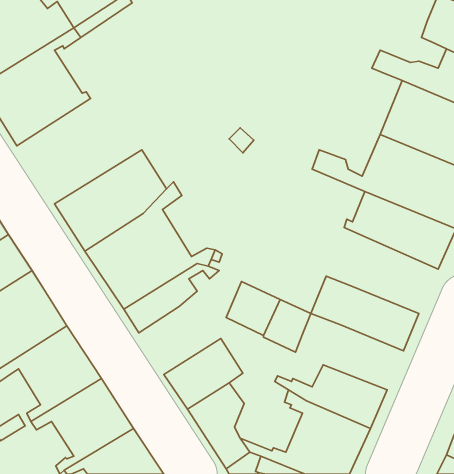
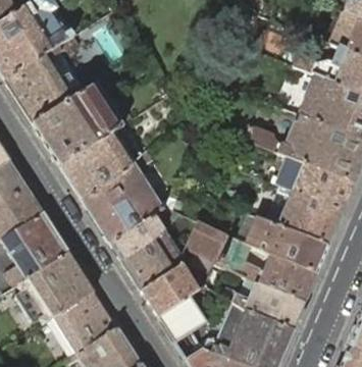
building: none -> [33,83,124,165]
building: none -> [277,186,343,246]
building: none -> [122,229,183,291]
building: none -> [238,254,317,302]

